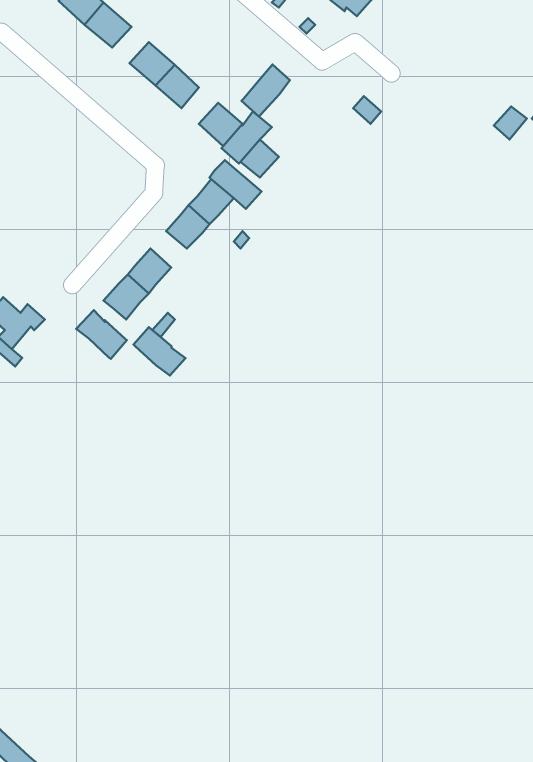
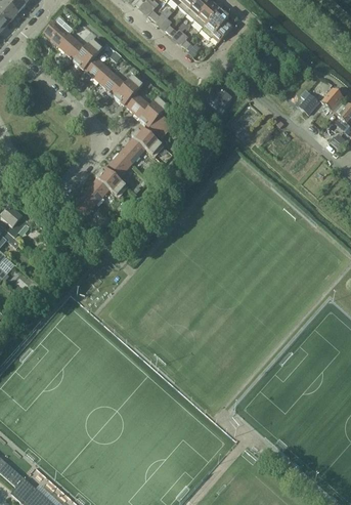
building: none -> [73,39,101,70]
building: [241,65,290,117] -> [114,74,142,104]
building: [76,310,127,359] -> none
building: [133,327,185,376] -> [95,166,126,195]

